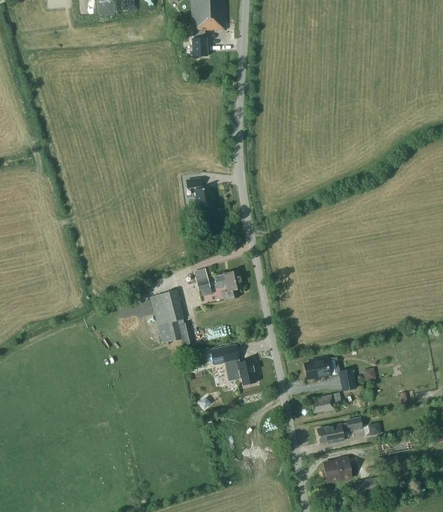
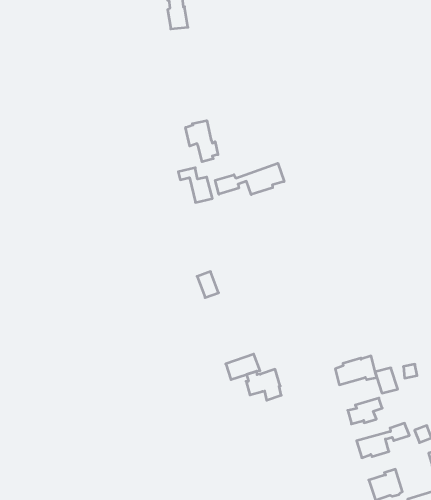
building: none -> [186,121,218,162]
building: none -> [215,163,284,195]
building: [214,270,242,300] -> none
building: [150,290,192,346] -> none

